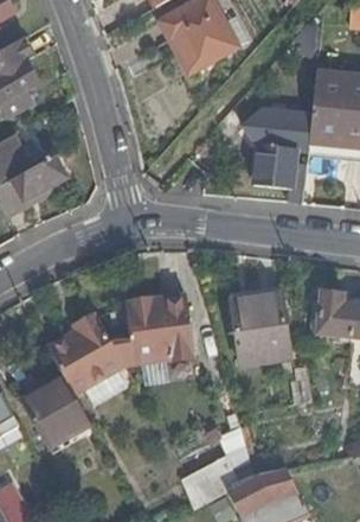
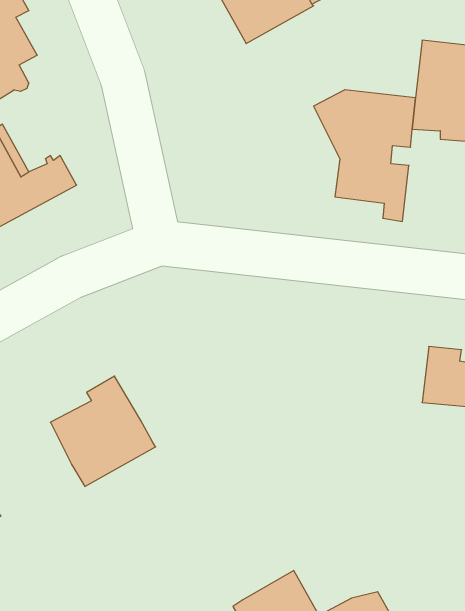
building: [230,293,290,363] -> none
building: [112,295,195,361] -> none
building: [21,377,89,447] -> none

